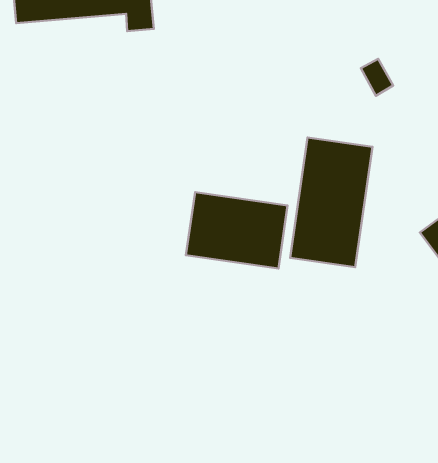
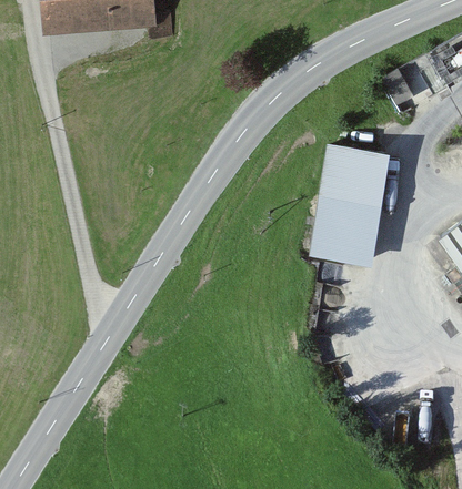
building: [186,192,288,269] -> none

